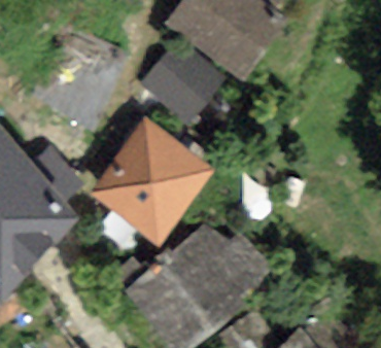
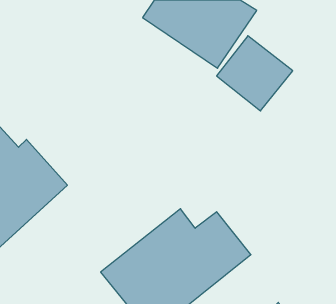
building: [140,46,220,126] -> [217,36,293,111]
building: [92,119,212,242] -> none

